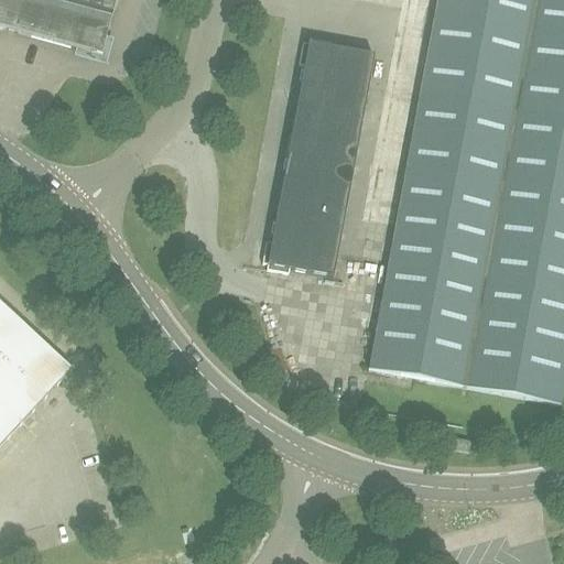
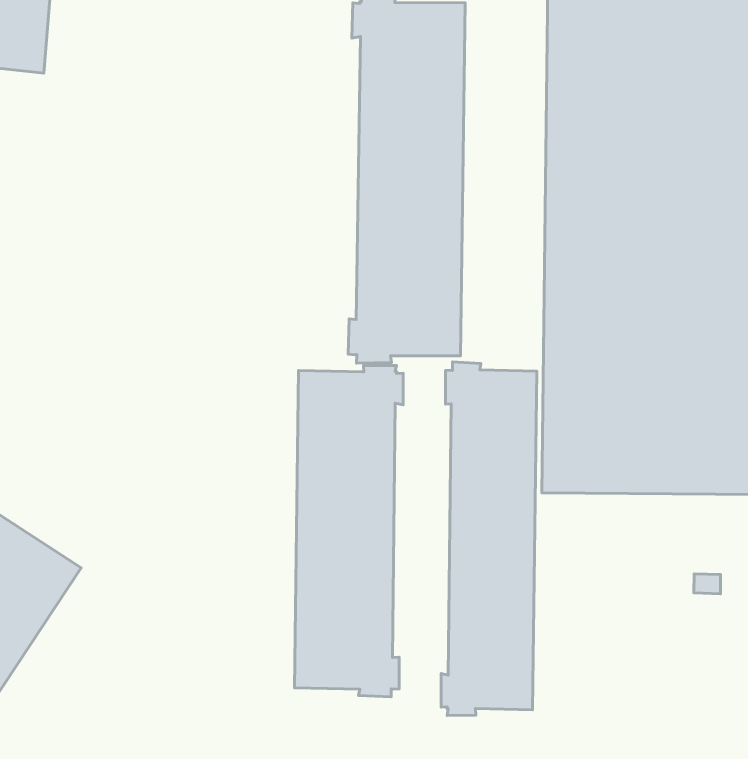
building: none -> [294,366,403,697]
building: none -> [441,362,537,715]

